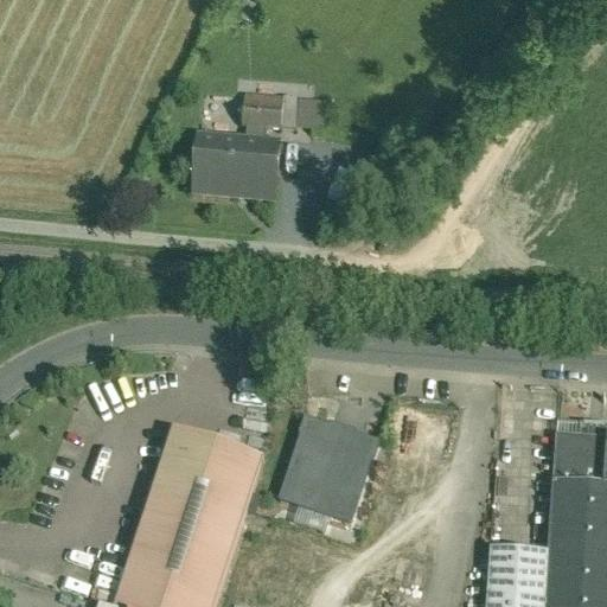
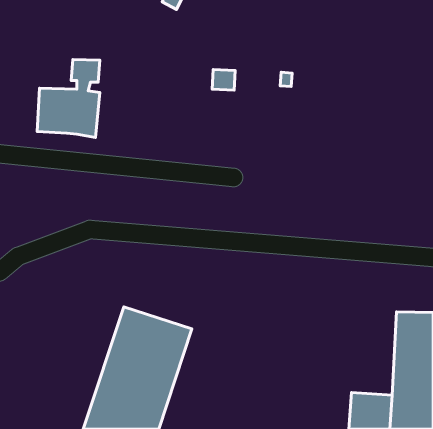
building: [193,92,281,202] -> [37,59,100,137]
building: [275,415,373,523] -> none

